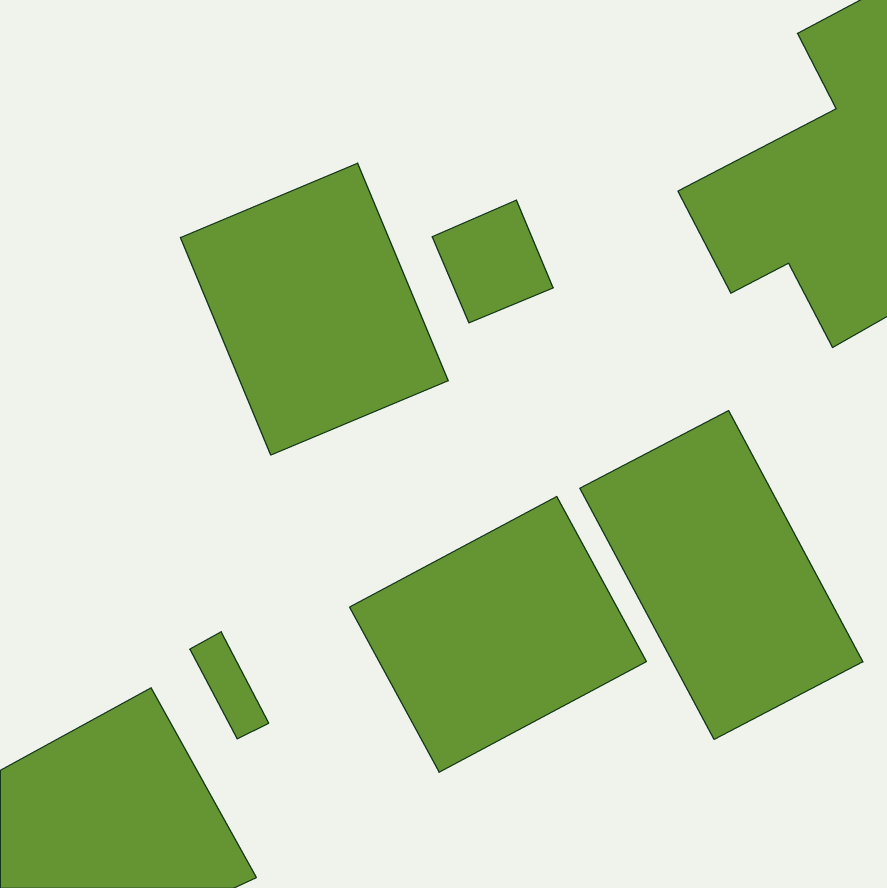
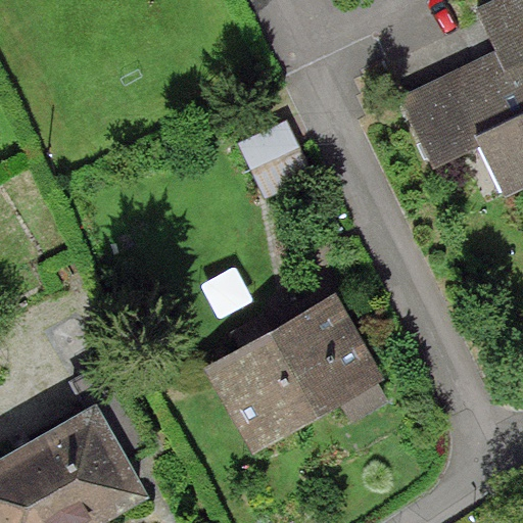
building: [181,163,448,455] -> none
building: [580,411,863,739] -> none

